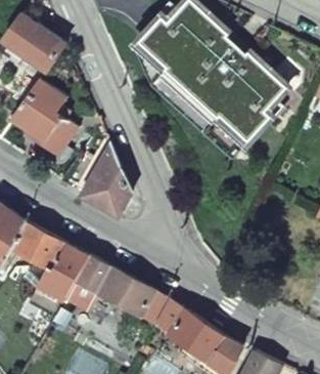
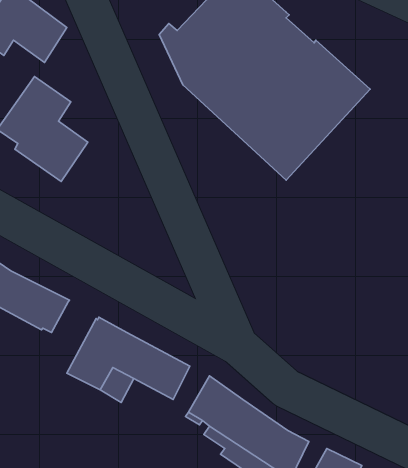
building: [83,146,132,213] -> none
building: [39,244,86,302] -> none

